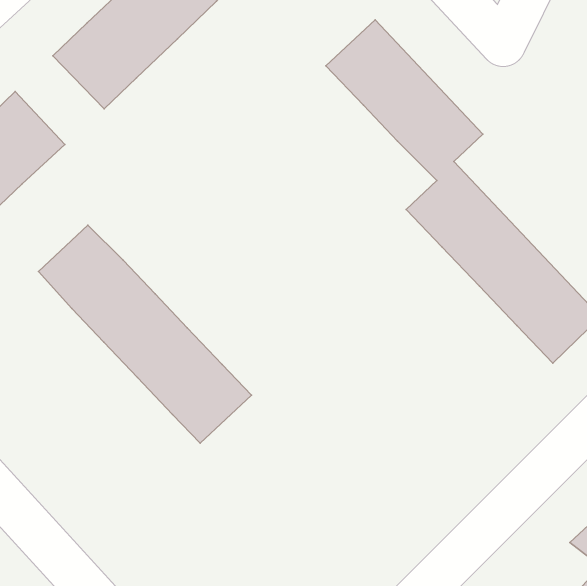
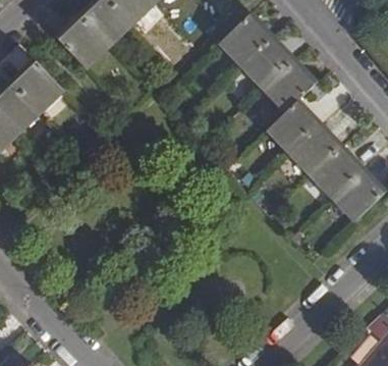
building: [38,225,251,443] -> none

